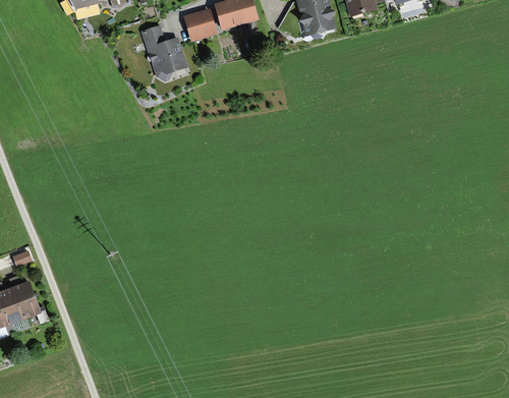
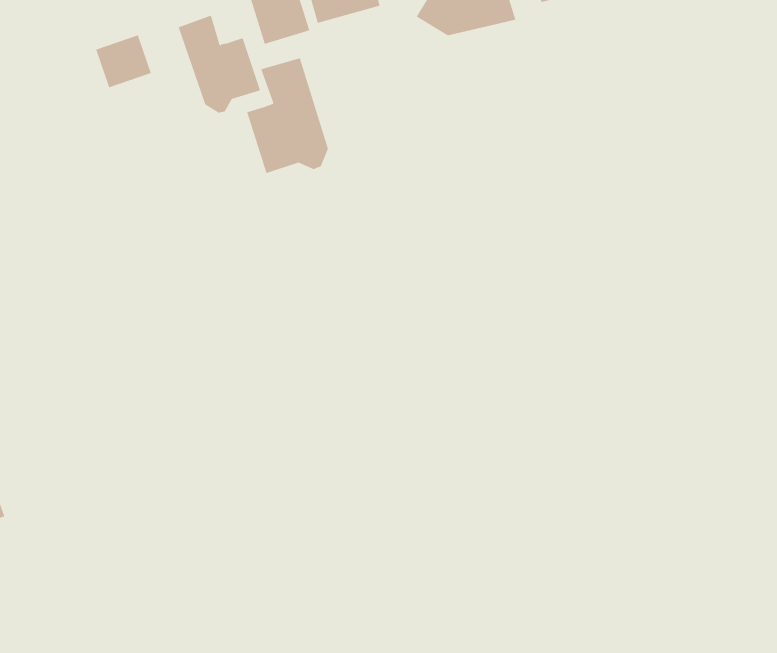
building: none -> [96,34,152,88]
building: none -> [247,58,328,174]

